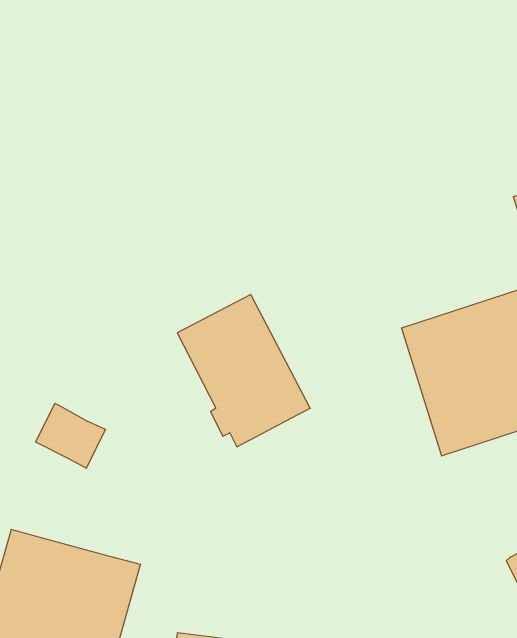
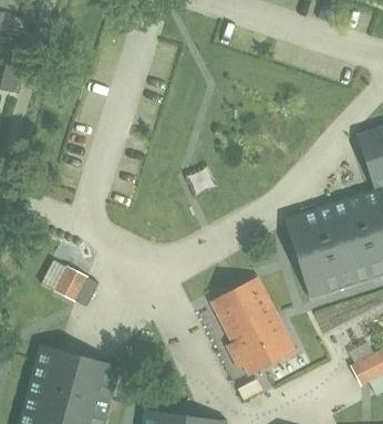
building: [177,294,310,447] -> [211,278,296,374]

